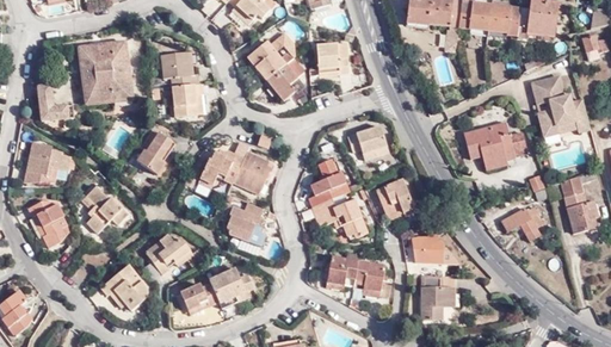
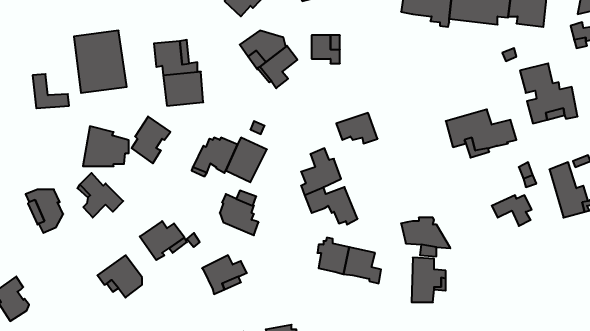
building: [21,142,68,182] -> [83,126,129,166]
building: [376,178,415,217] -> none
building: [179,281,220,312] -> none

